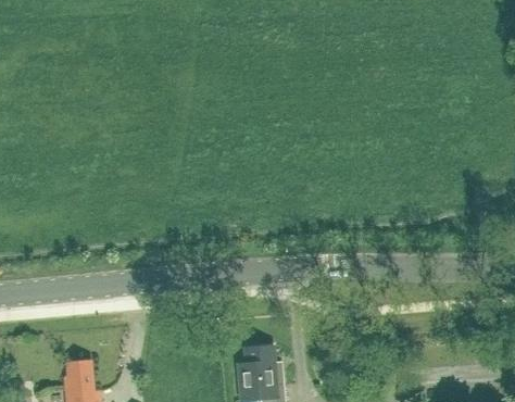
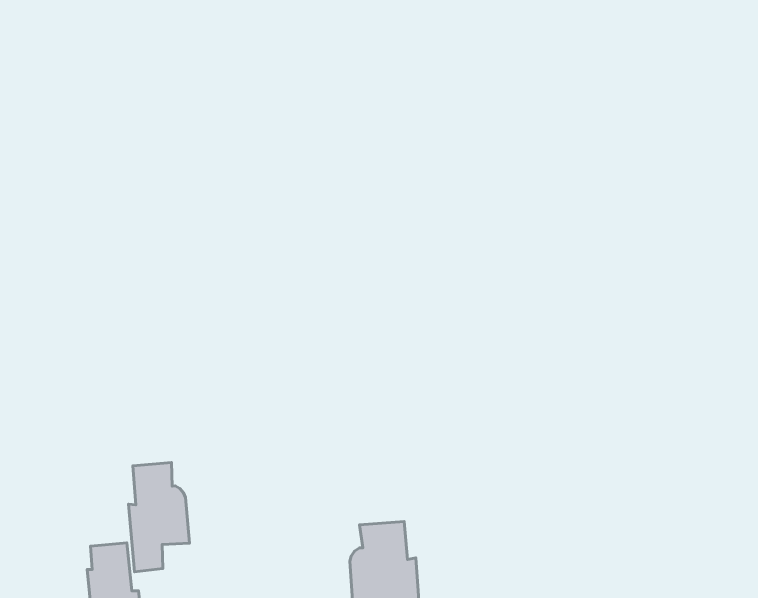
building: none -> [128,462,190,572]

